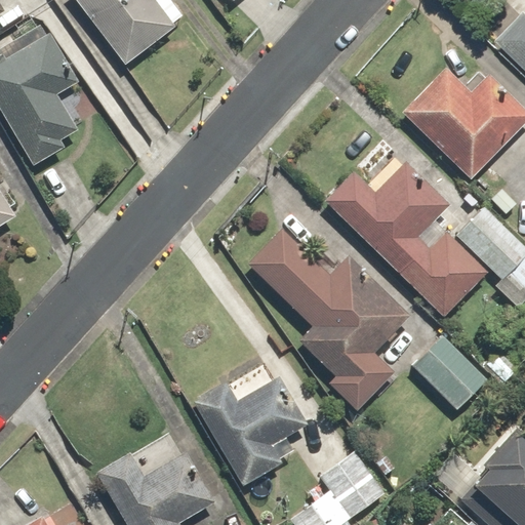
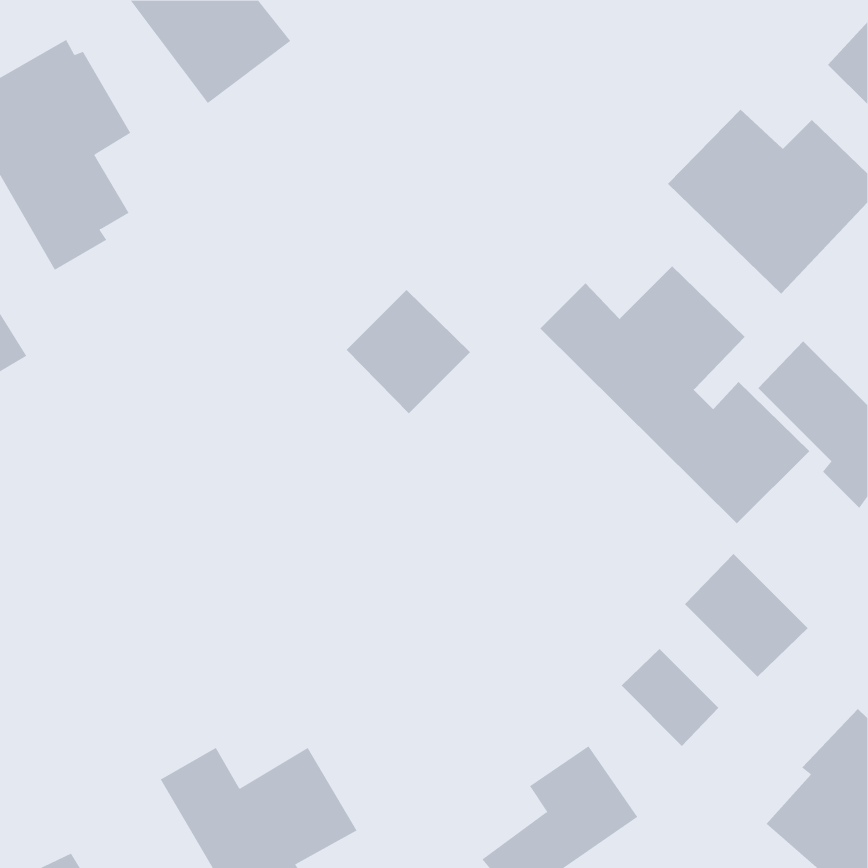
building: none -> [346,289,471,414]
building: [247,228,410,410] -> none
building: [193,376,308,485] -> none
building: none -> [621,648,719,747]

